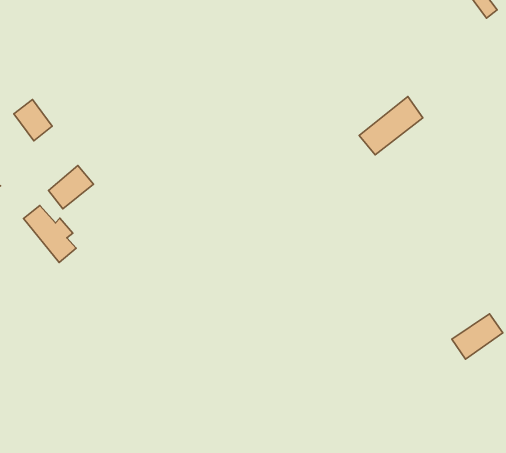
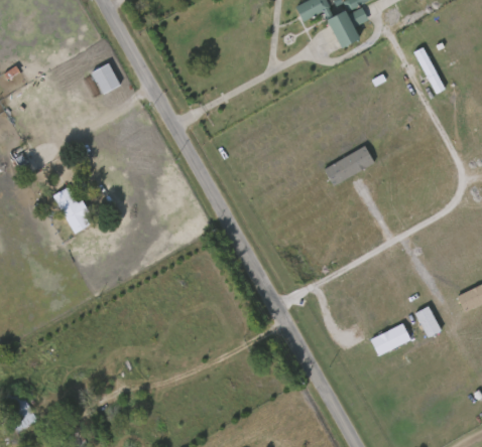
building: [14,99,52,141] -> [91,60,119,93]
building: [48,165,94,209] -> none

